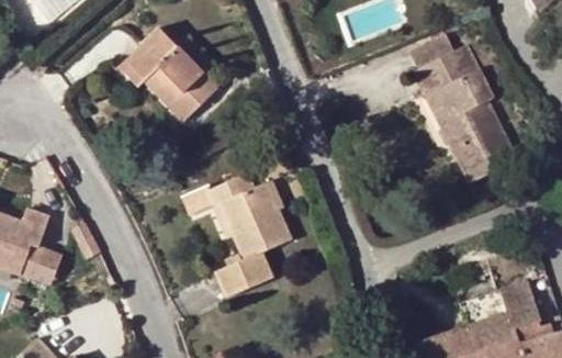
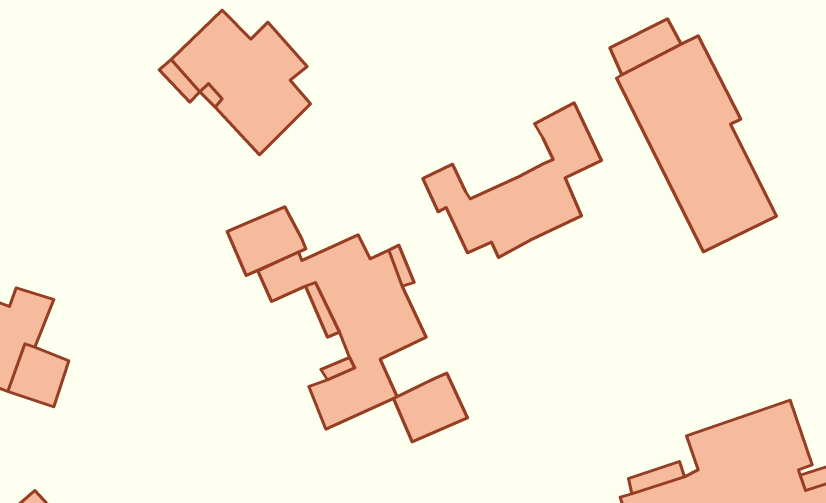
building: none -> [423,103,602,257]
building: none -> [227,207,306,276]
building: none -> [394,373,468,442]

